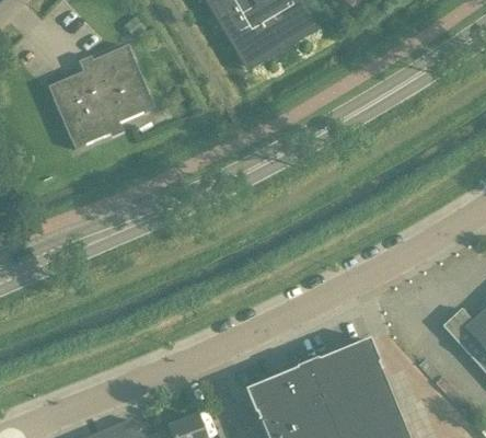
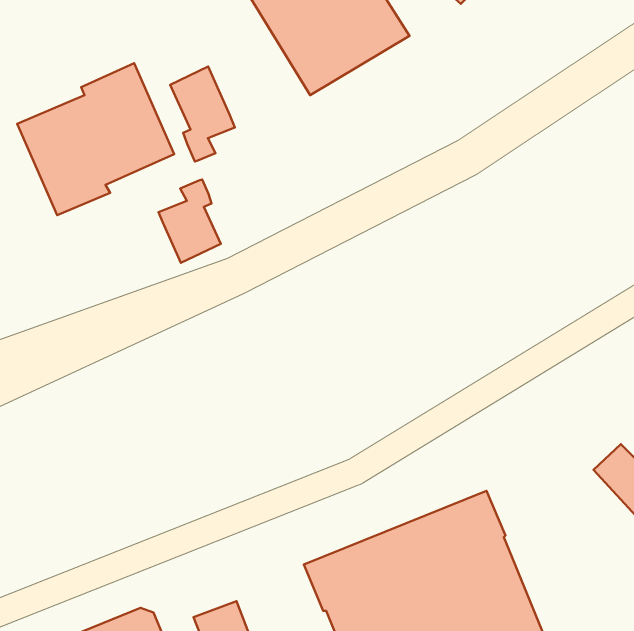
building: none -> [170,67,235,161]
building: none -> [158,180,221,263]

